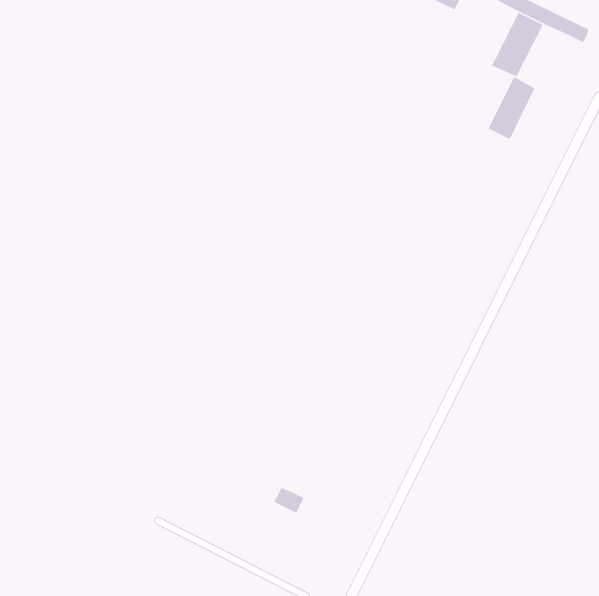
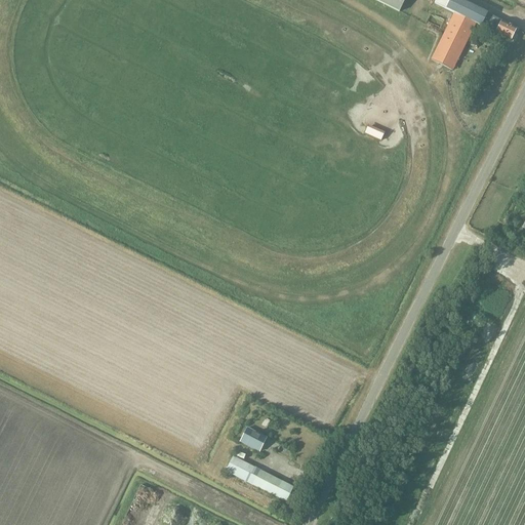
building: [487,76,536,140] -> none
building: none -> [226,454,293,499]

